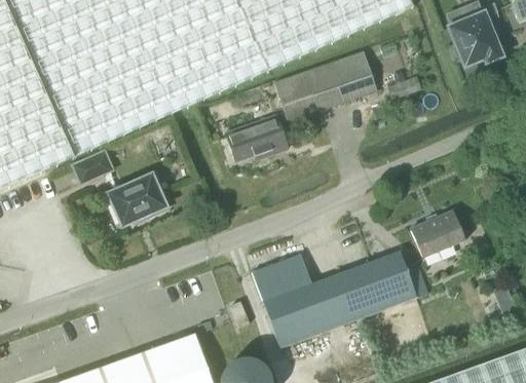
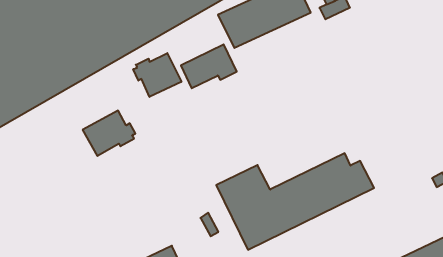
building: none -> [133,53,181,97]
building: [73,153,110,183] -> none
building: [409,212,462,258] -> none

